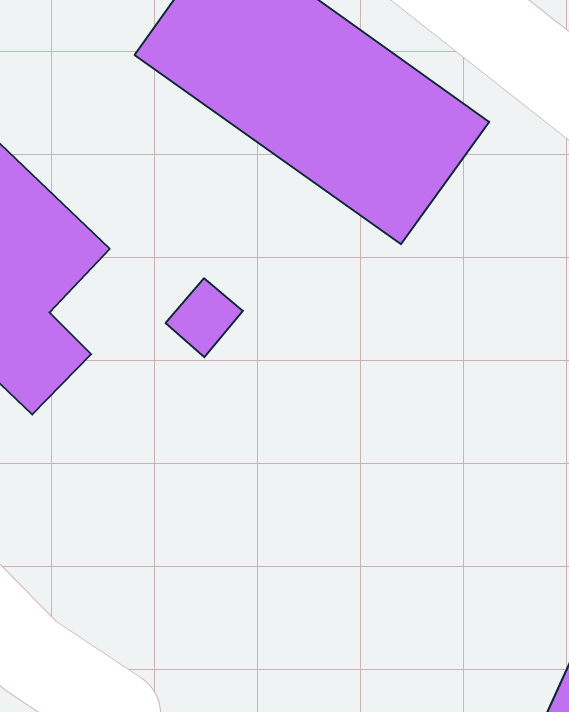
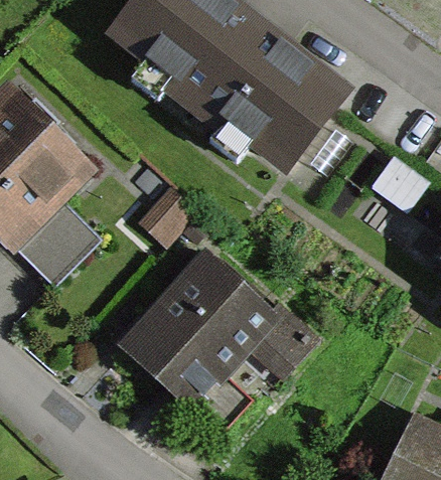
building: none -> [122,252,306,404]

